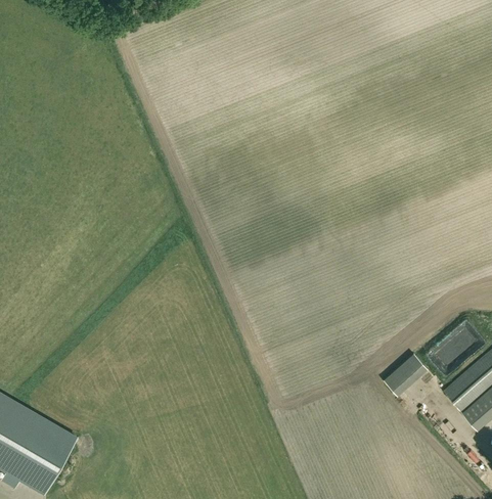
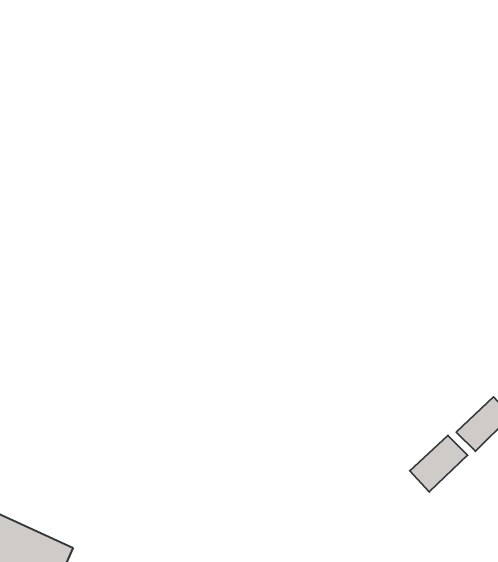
building: none -> [410,435,468,492]

